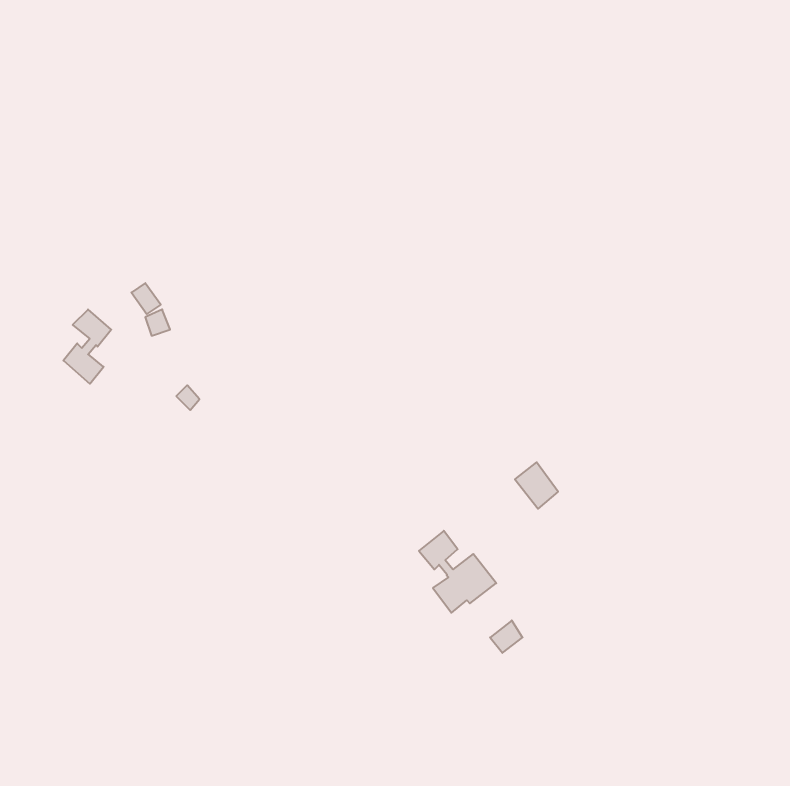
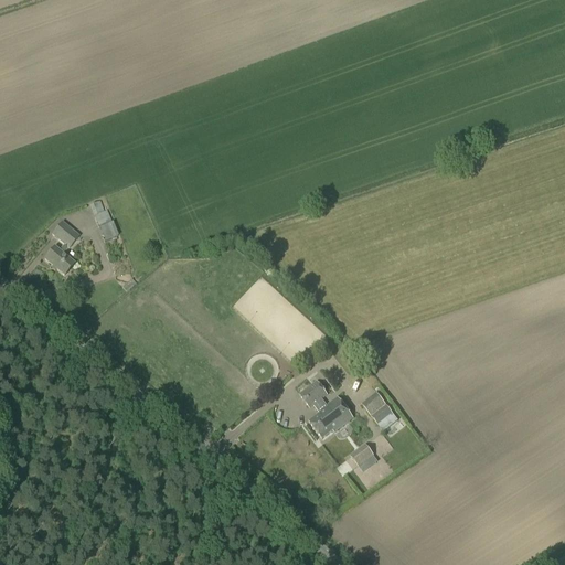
building: [515,462,558,509] -> [361,391,392,424]

